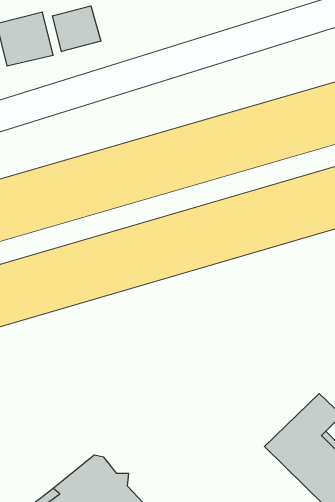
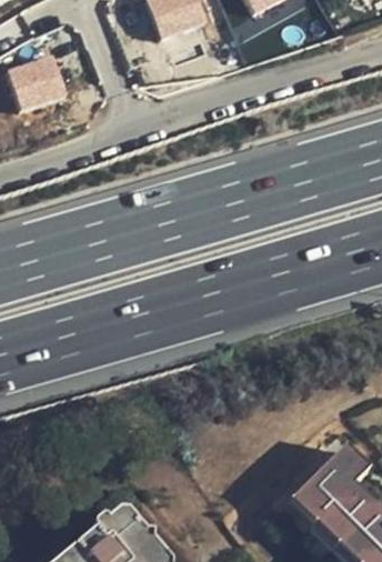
building: [53,6,101,52] -> none

